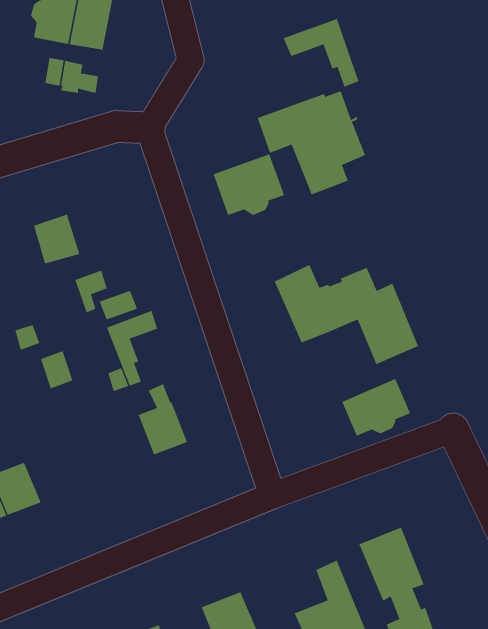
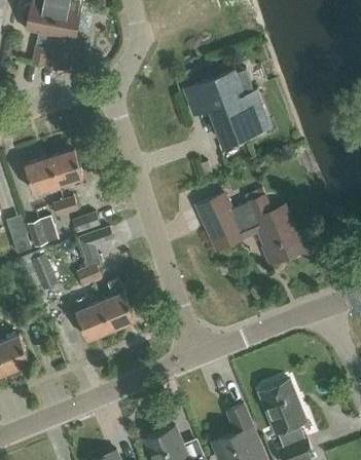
building: [283,18,359,88] -> none
building: [213,154,285,216] -> none
building: none -> [49,148,83,185]
building: none -> [26,216,59,247]
building: [341,378,411,437] -> none
building: none -> [74,297,111,339]

